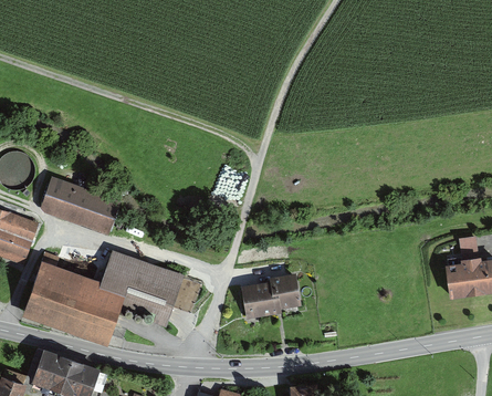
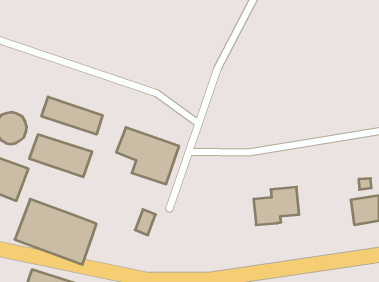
building: none -> [42,97,102,134]
building: [100,252,180,325] -> [116,127,179,184]
building: [248,268,306,316] -> [254,187,299,225]

